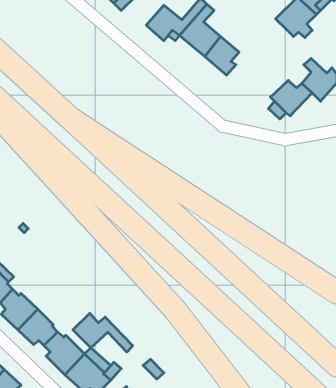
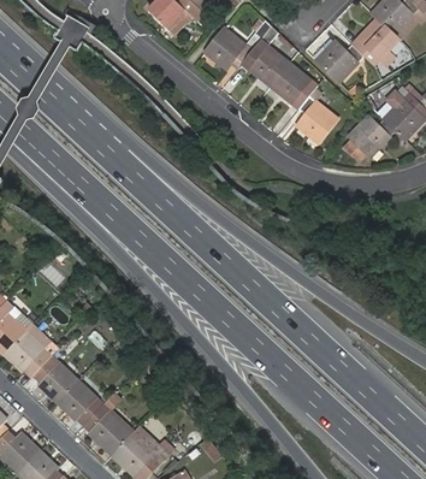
building: none -> [316,41,365,83]
building: none -> [292,91,333,144]
building: [73,313,133,352] -> none

